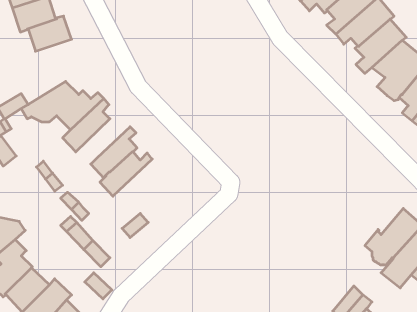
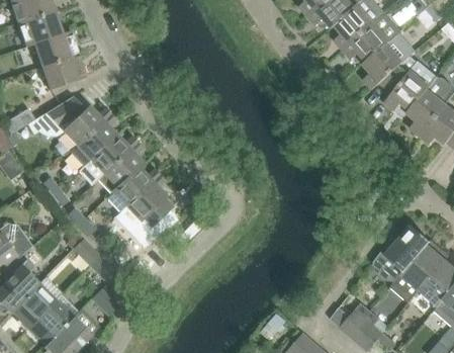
building: none -> [41,54,86,89]
building: none -> [77,134,137,185]
building: none -> [125,174,173,226]

